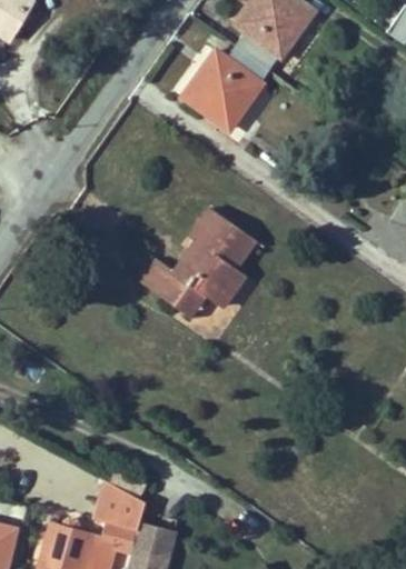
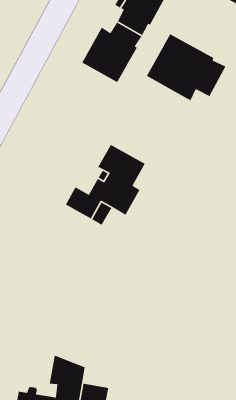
building: none -> [146,33,227,101]

